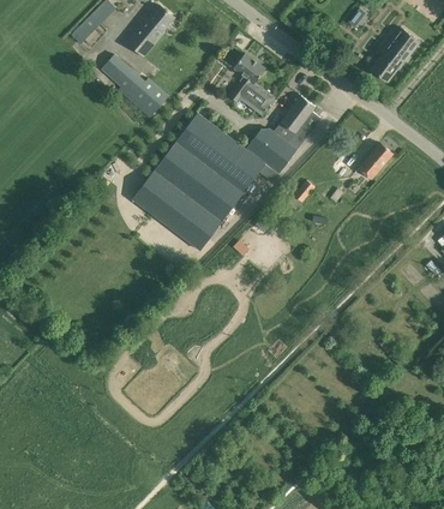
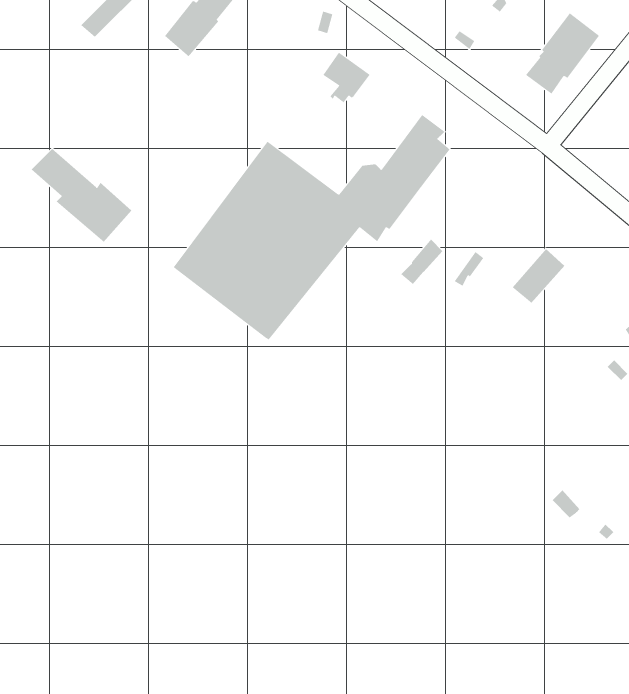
building: [100,54,168,118] -> [31,148,132,242]
building: [228,83,274,115] -> none
building: [356,142,392,179] -> [512,248,565,303]

